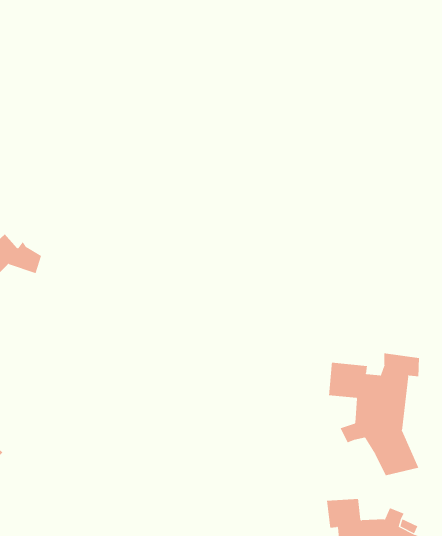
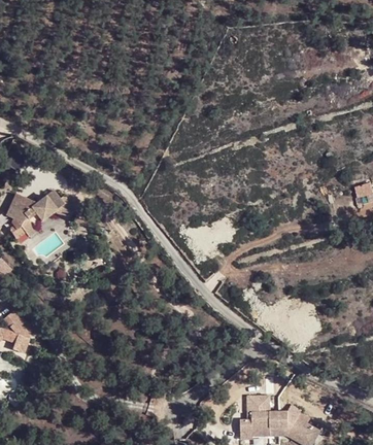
building: [328,352,420,476] -> none

